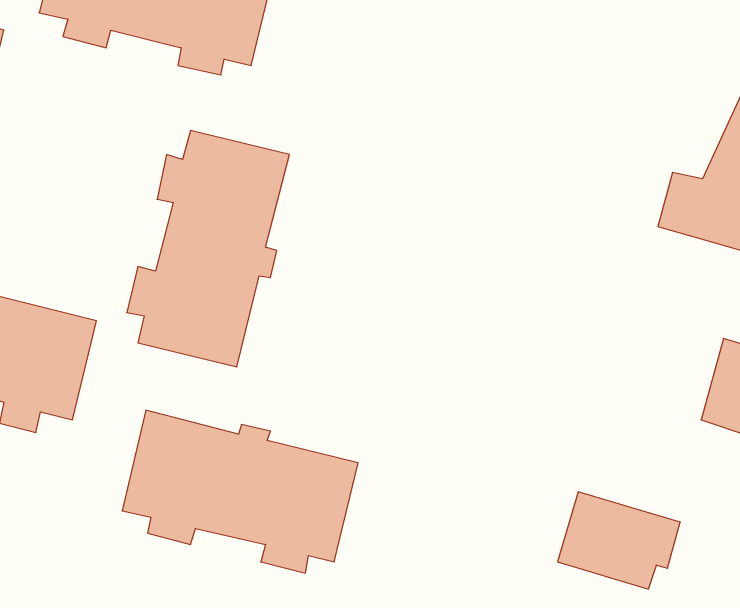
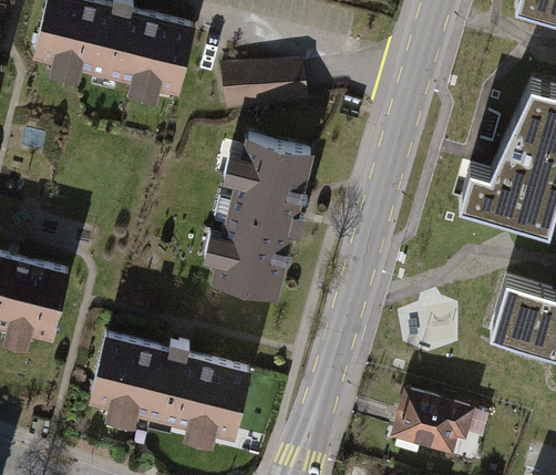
building: none -> [220,59,308,112]
building: [127,131,289,367] -> [203,134,316,298]

